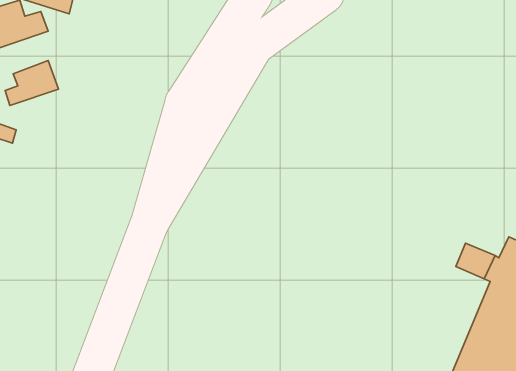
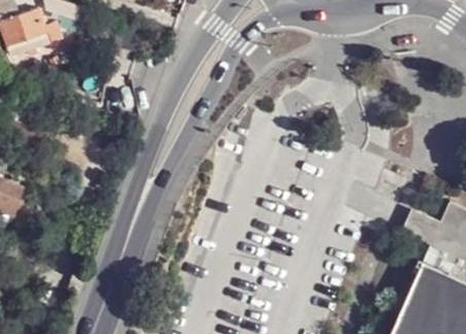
building: [5,61,58,106] -> none

